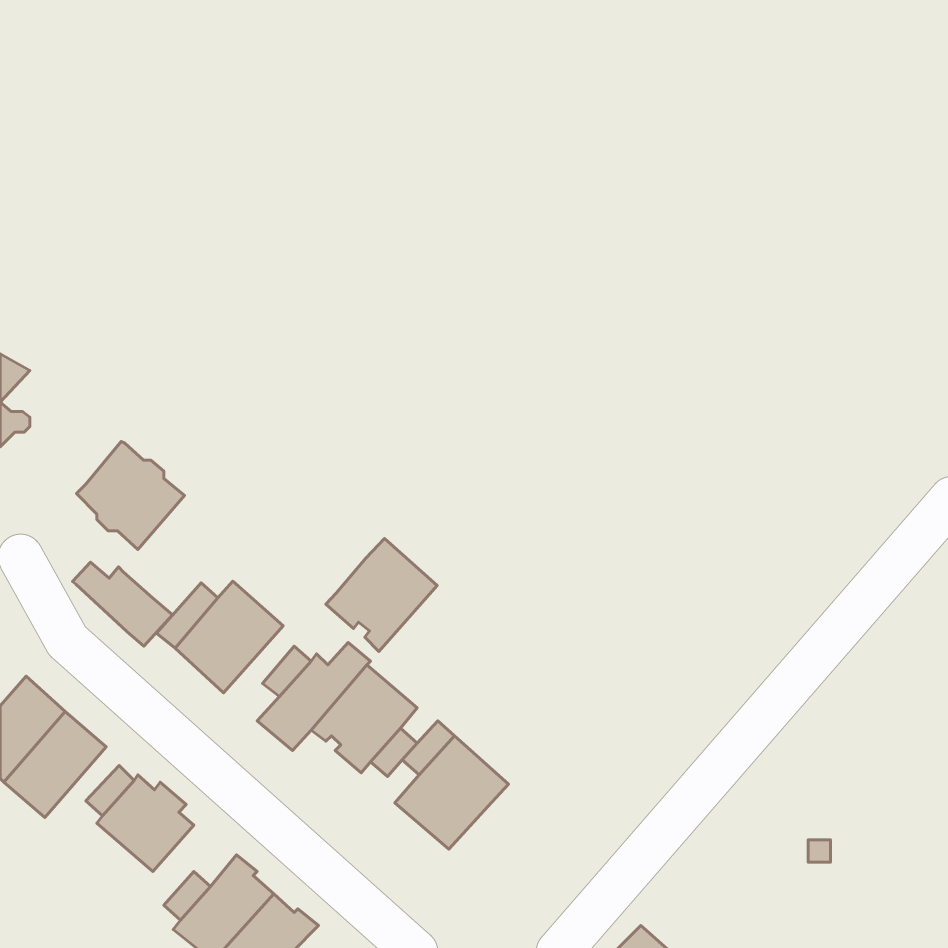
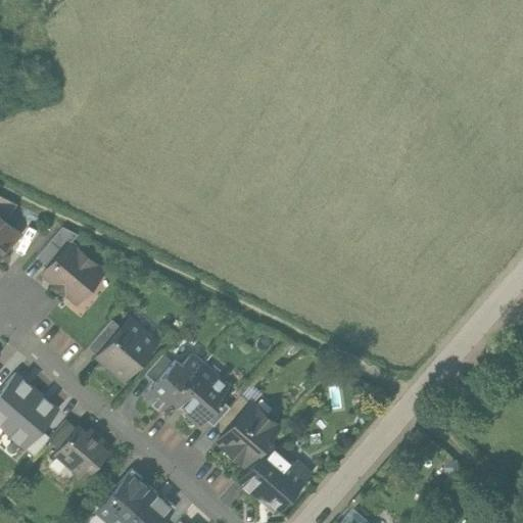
building: none -> [38,229,78,268]
building: [326,538,437,651] -> none
building: [72,562,173,646] -> none
building: none -> [238,444,303,509]

